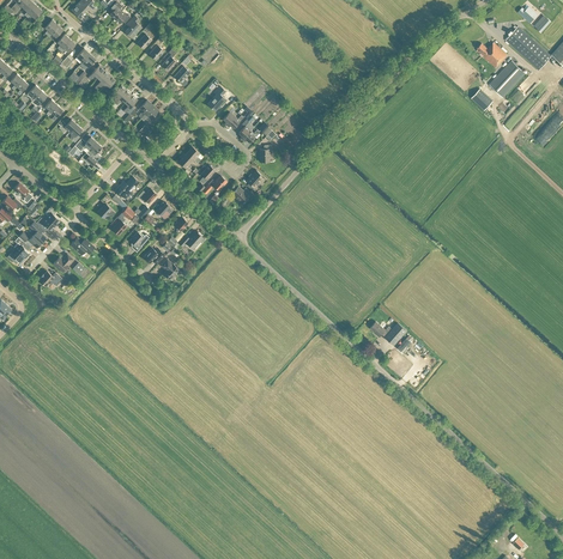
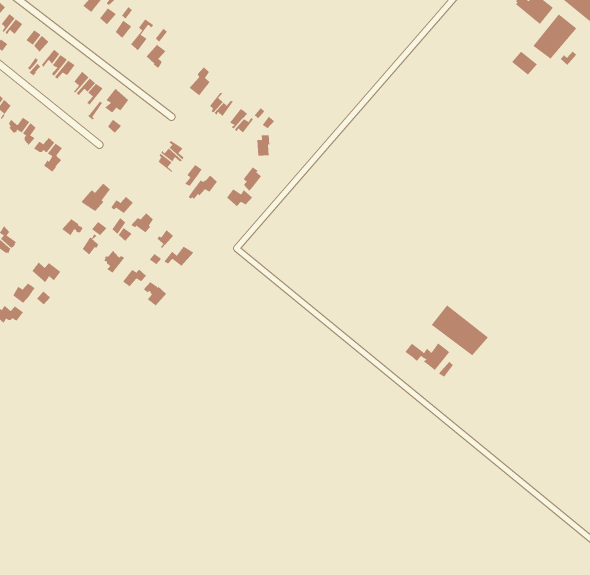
building: none -> [431,304,489,356]

